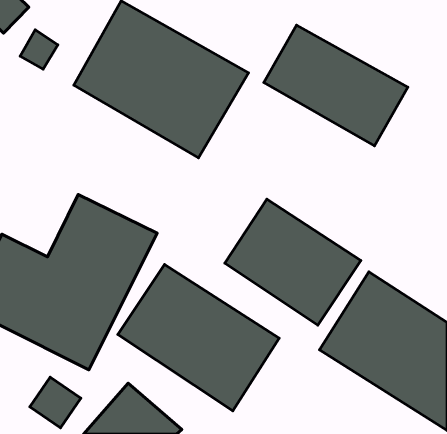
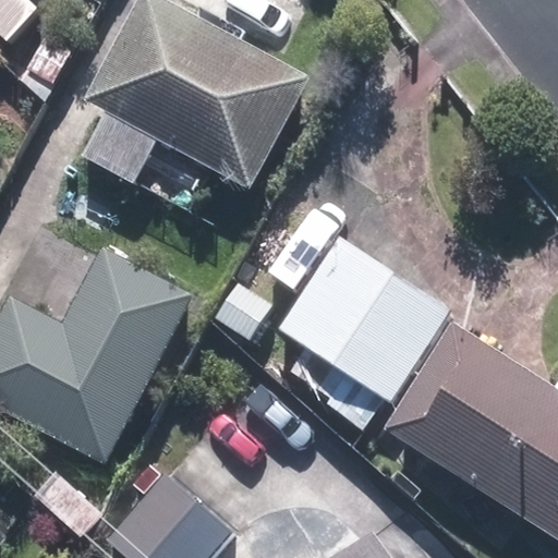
building: [264,25,408,146] -> none
building: [118,264,279,411] -> none

